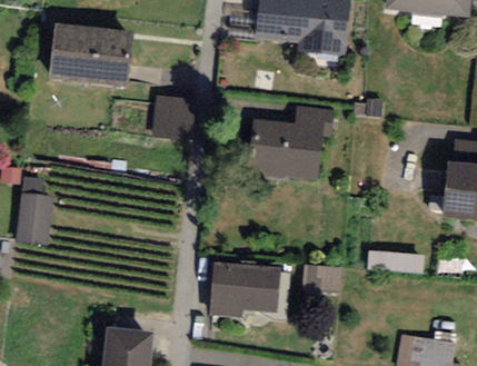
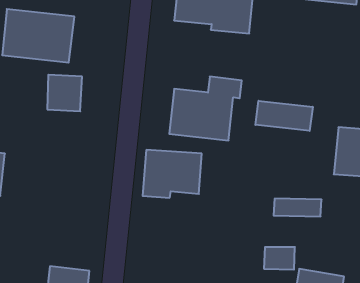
building: [156,93,197,137] -> [47,75,82,111]
building: none -> [255,101,313,131]
building: [209,261,279,318] -> [143,150,202,198]
building: [306,261,342,288] -> [264,247,295,270]

